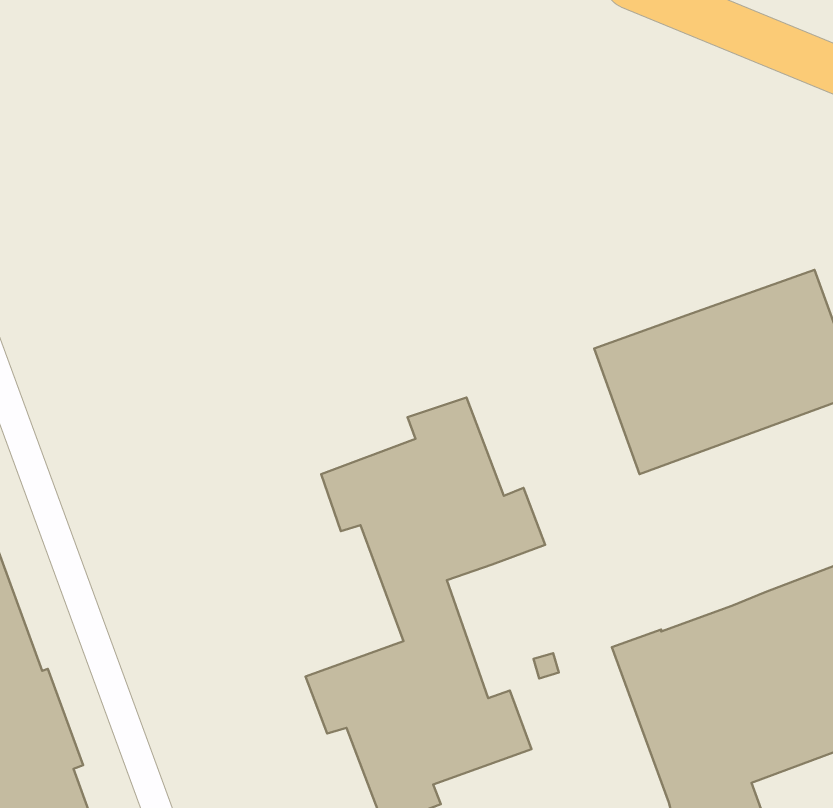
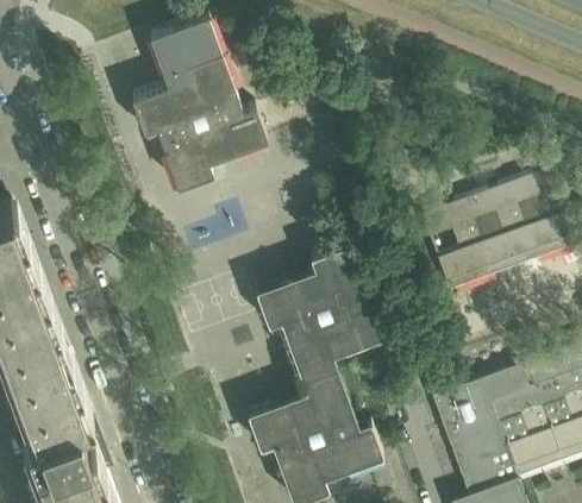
building: none -> [131,19,268,191]

